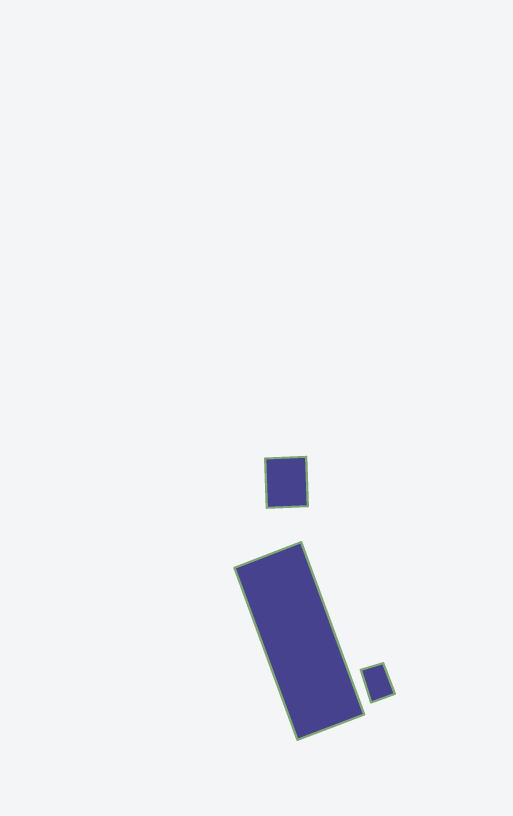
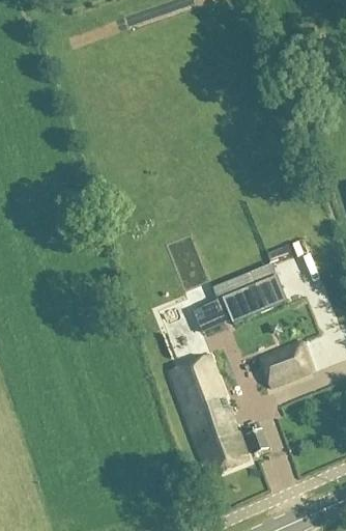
building: none -> [224,275,287,319]
building: none -> [260,340,311,385]

